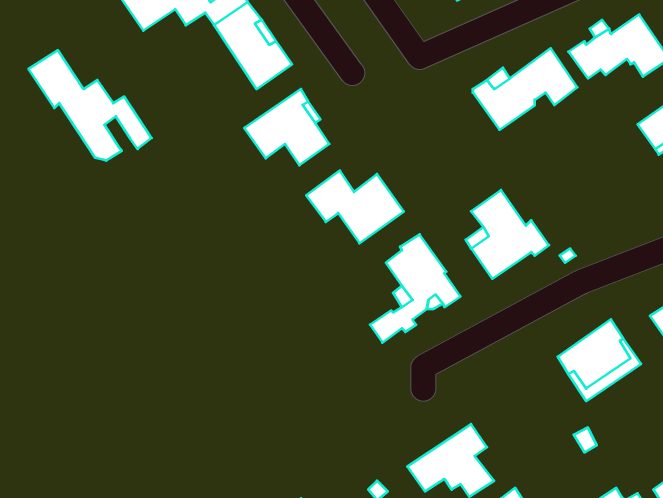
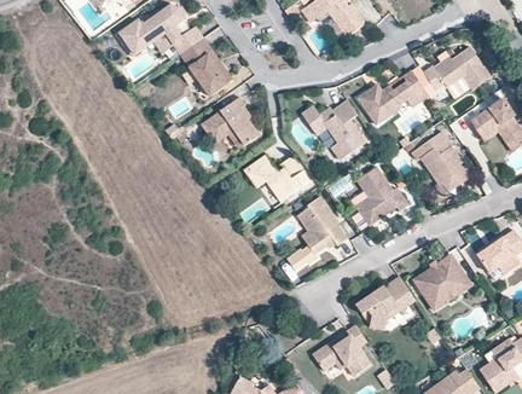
building: [29,50,152,161] -> none
building: none -> [301,99,366,161]
building: none -> [411,131,469,192]
building: none -> [355,276,414,325]

